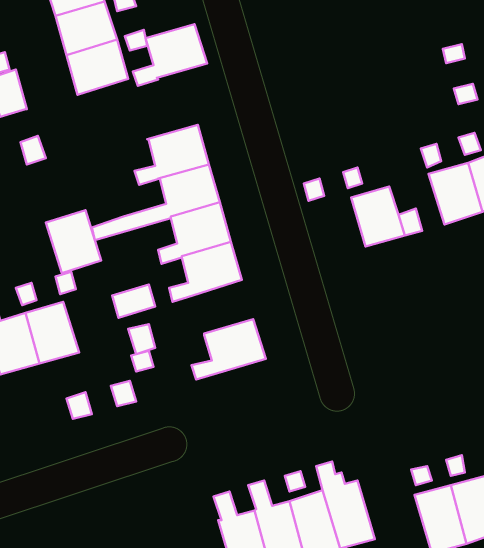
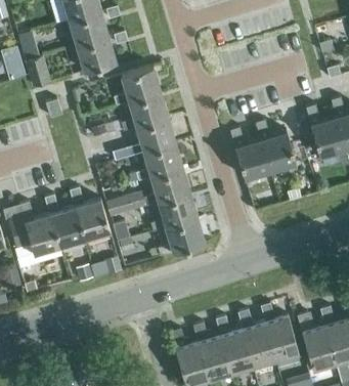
building: [133,24,207,86] -> [114,68,162,108]
building: none -> [235,140,270,180]
building: [46,210,101,273] -> [75,200,111,241]
building: none -> [150,194,198,232]
building: none -> [264,304,300,361]

